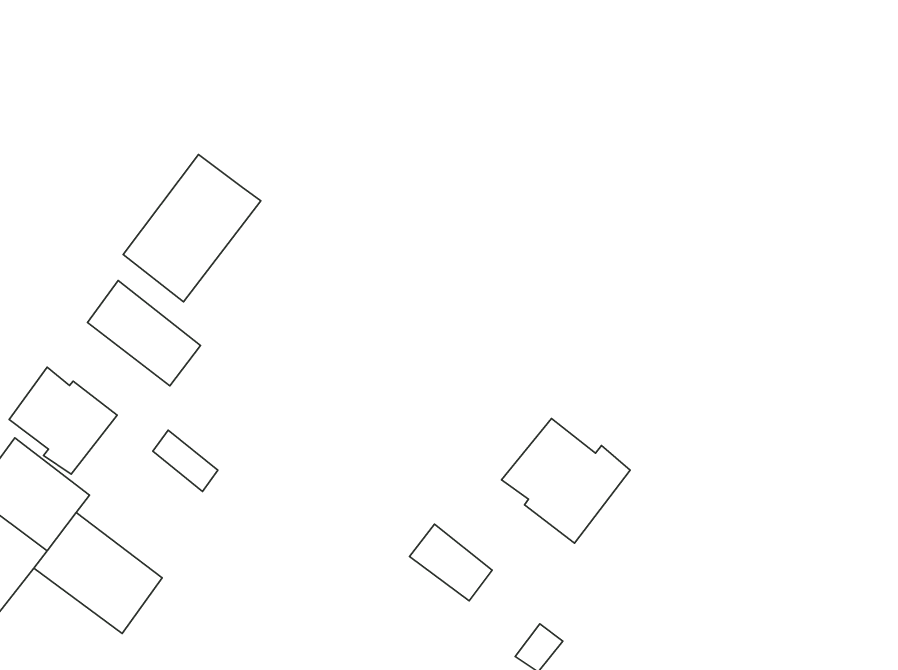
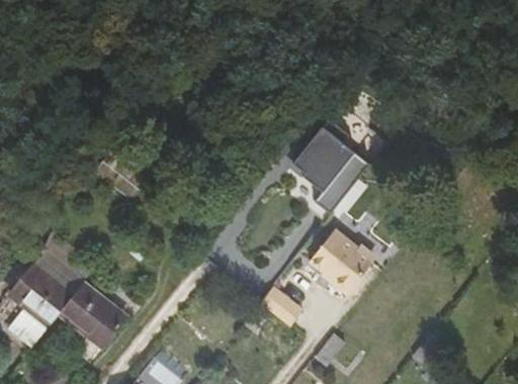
building: [123,154,261,302] -> none
building: none -> [290,125,380,216]
building: [9,367,117,474] -> none

